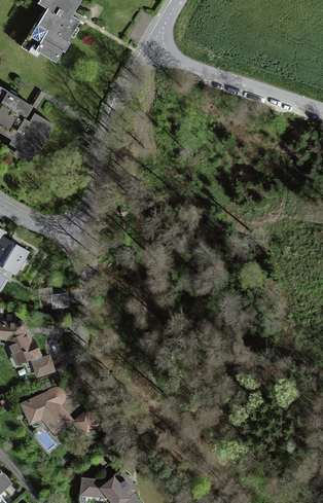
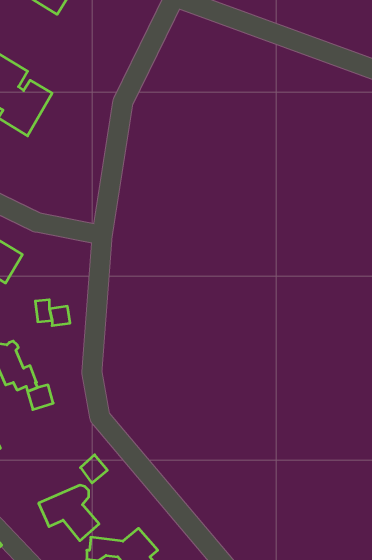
building: [22,389,70,433] -> [39,485,99,541]

